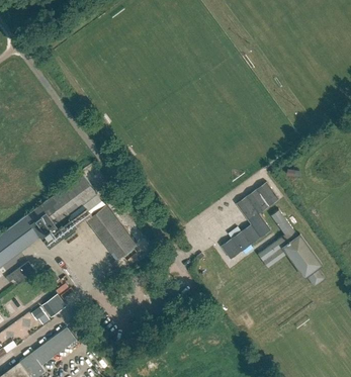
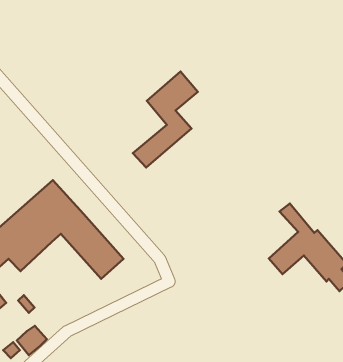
building: [221,182,279,260] -> [133,71,198,168]

